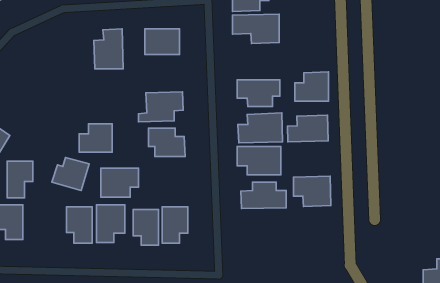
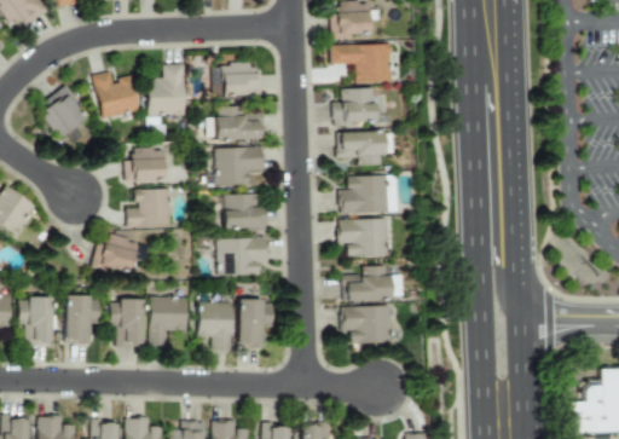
building: none -> [93,70,141,120]
building: none -> [42,85,92,140]
building: none -> [213,106,264,141]
building: [295,72,328,101] -> [334,87,378,126]
building: none -> [125,149,164,181]
building: [287,115,328,142] -> none
building: [7,161,33,198] -> [65,295,99,343]
building: [101,168,138,197] -> [219,237,268,276]
building: [294,176,331,206] -> [342,305,392,345]

